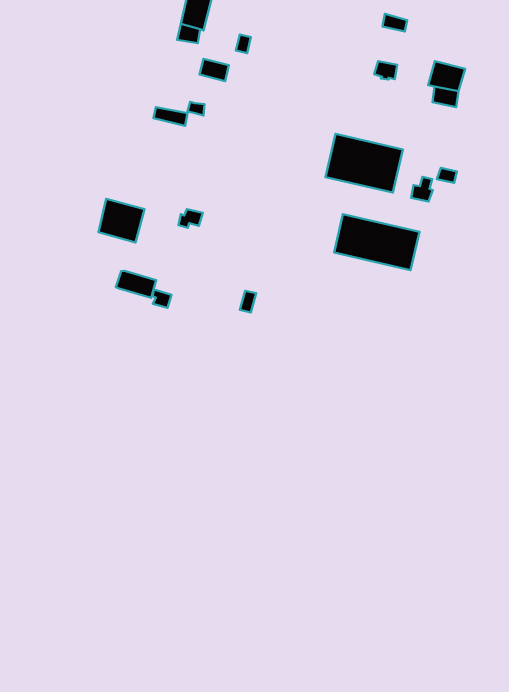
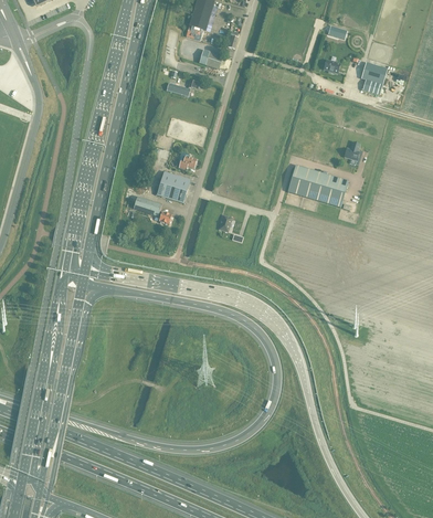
building: [326,134,403,193] -> none
building: [99,199,144,243] -> [156,170,189,202]

